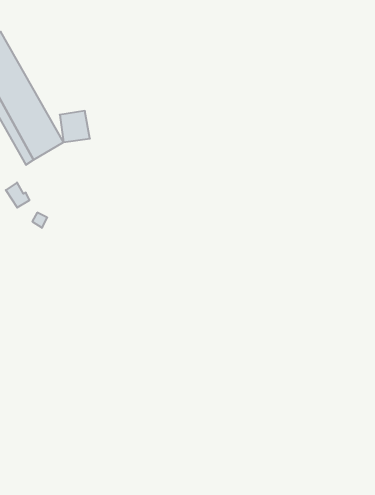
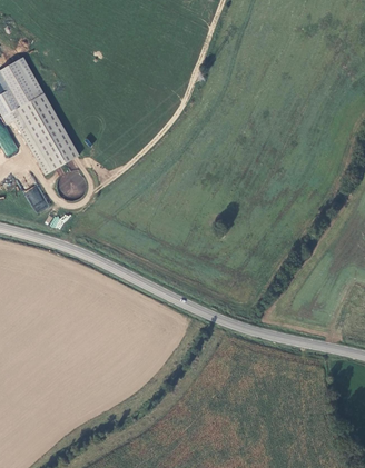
building: [60,111,90,142] -> [59,170,86,198]

